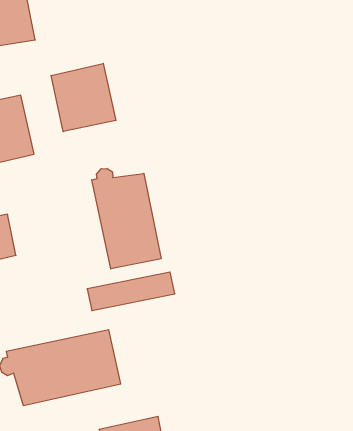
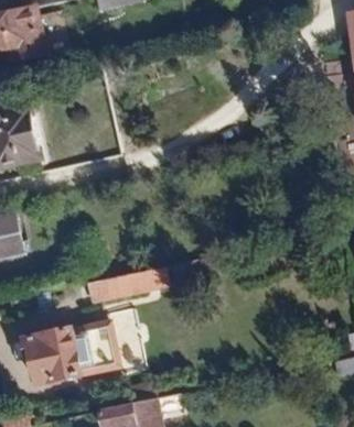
building: [51,63,116,132] -> none
building: [92,168,161,269] -> none

